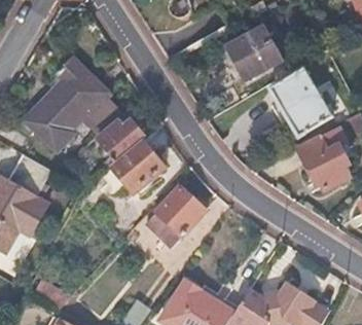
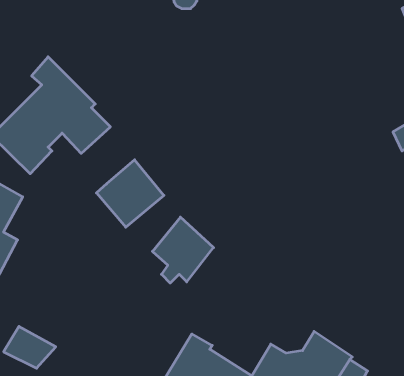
building: [222,25,280,79] -> none
building: [268,73,319,134] -> none
building: [99,118,145,158] -> none
building: [296,123,349,189] -> none

